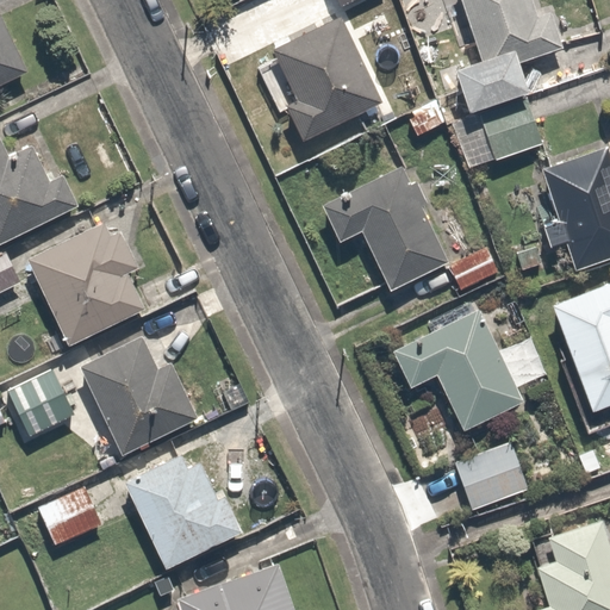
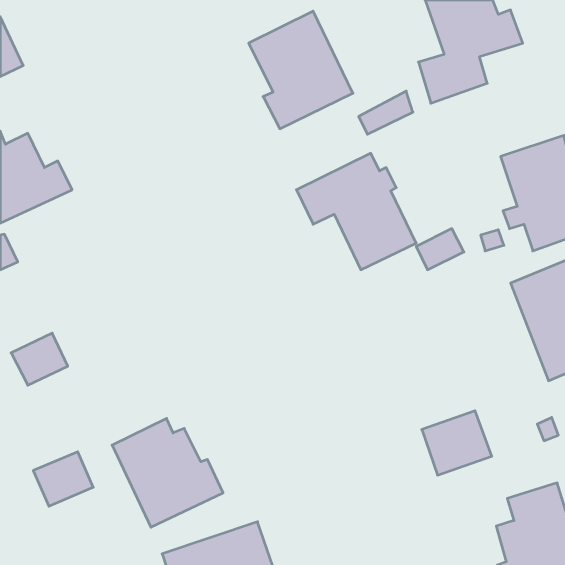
building: [453,99,542,169] -> none
building: [26,222,145,344] -> none
building: [391,310,524,432] -> none
building: [80,336,199,454] -> none

